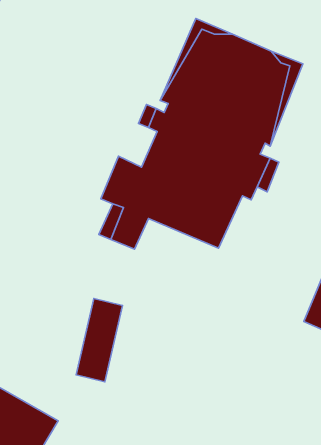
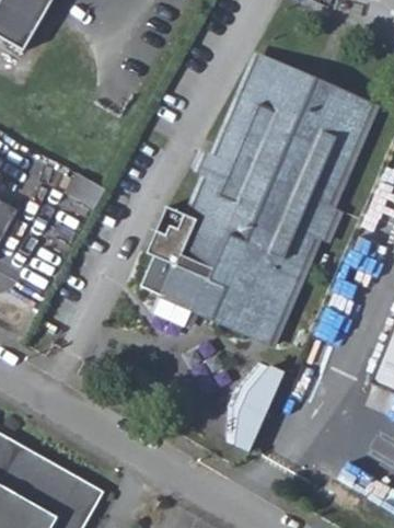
building: none -> [187,245,316,342]
building: [76,299,123,382] -> [228,358,279,450]

